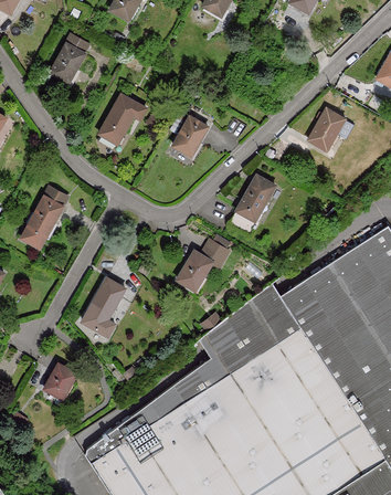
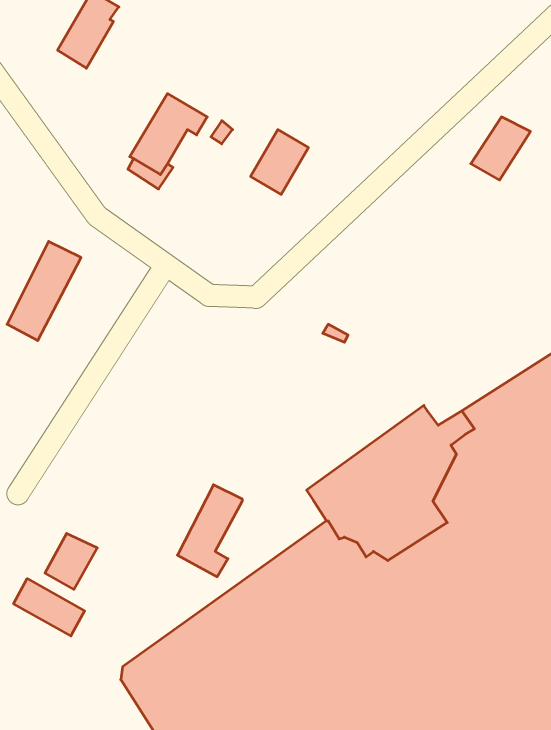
building: [222,173,268,231] -> none
building: [172,238,222,285] -> none
building: [82,276,121,333] -> [177,485,242,577]
building: none -> [14,579,85,636]

